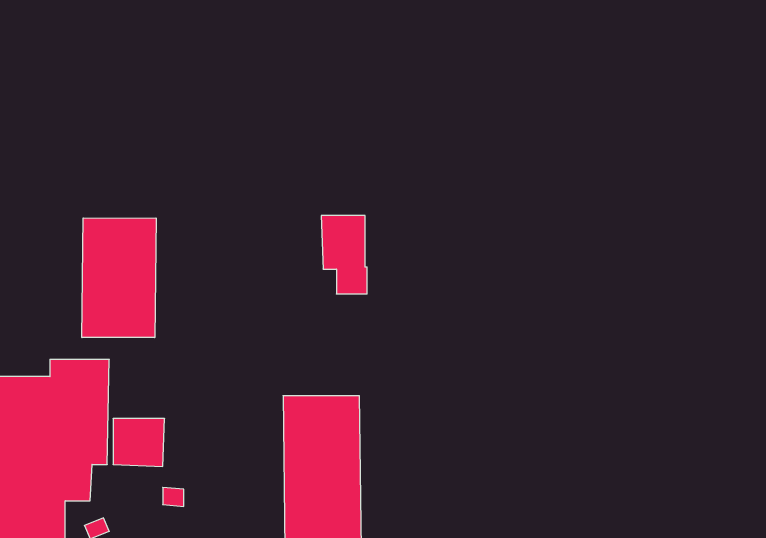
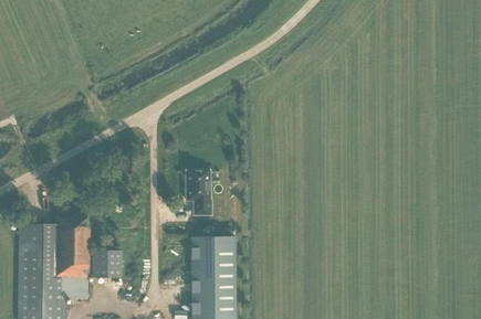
building: [321,216,367,294] -> [185,169,211,214]
building: [82,218,156,338] -> none

